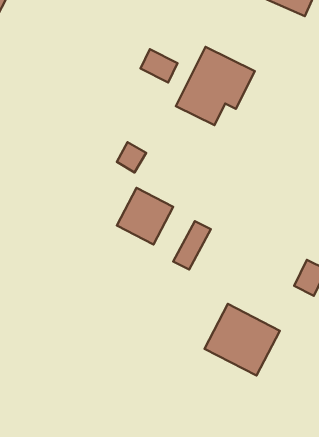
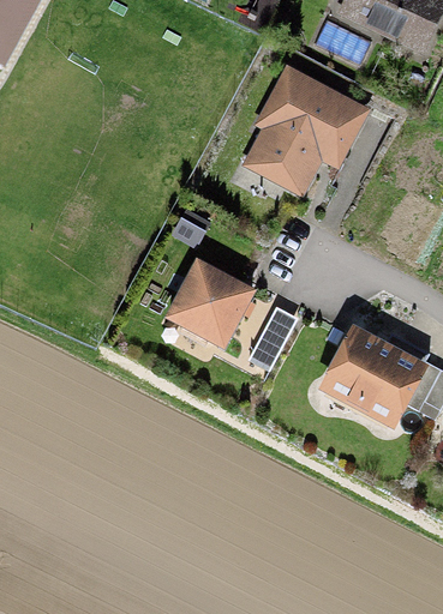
building: [141,49,177,82] -> none
building: [204,304,280,376] -> [324,325,425,421]

